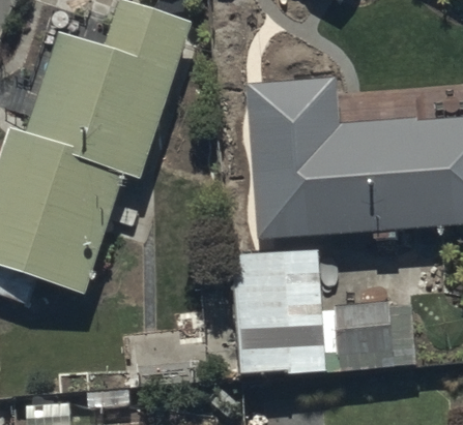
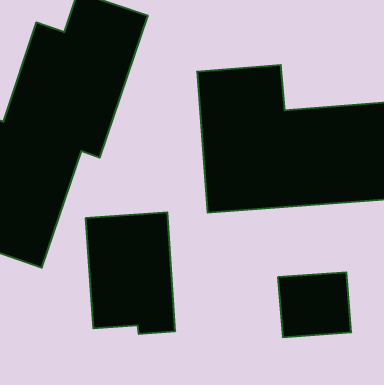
building: [230,246,326,376] -> [86,212,175,334]

